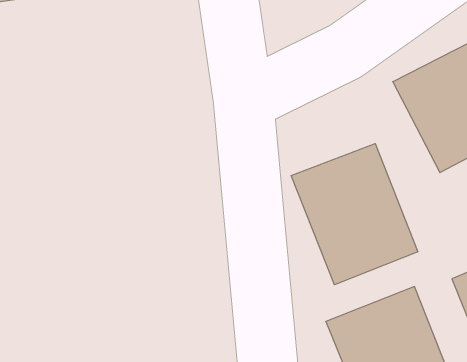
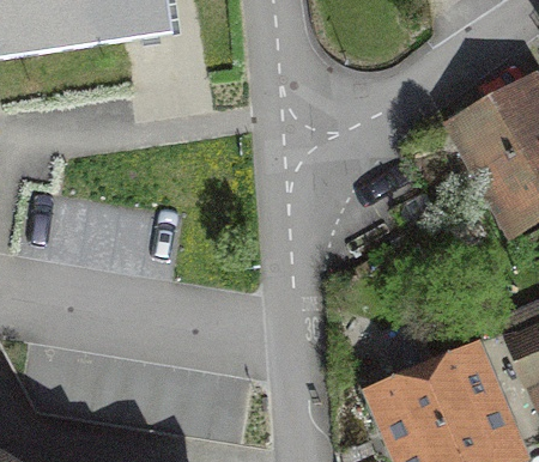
building: [291,144,418,285] -> none

